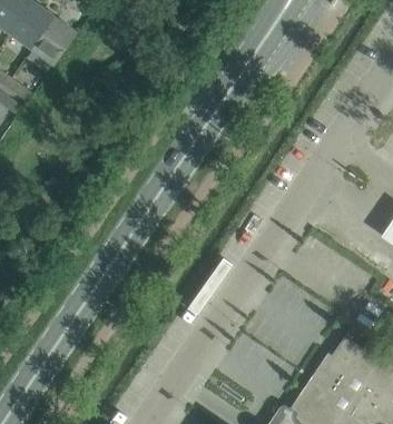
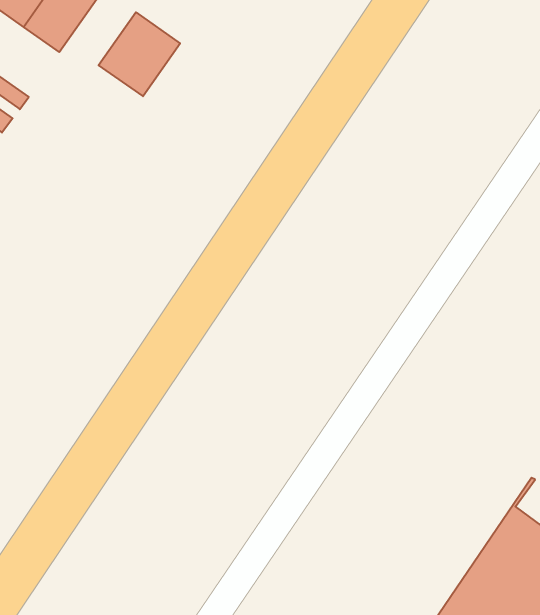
building: none -> [99,12,180,96]

